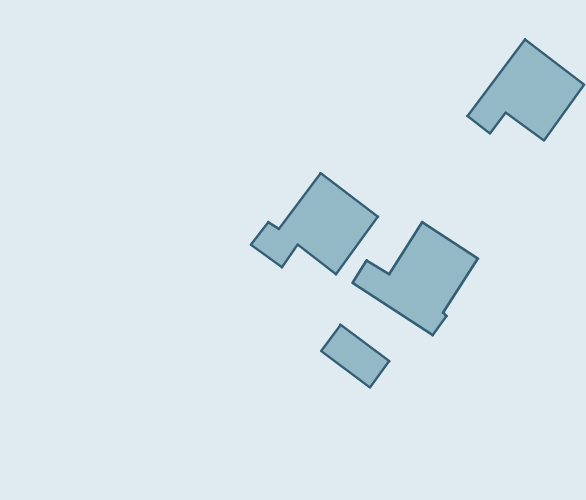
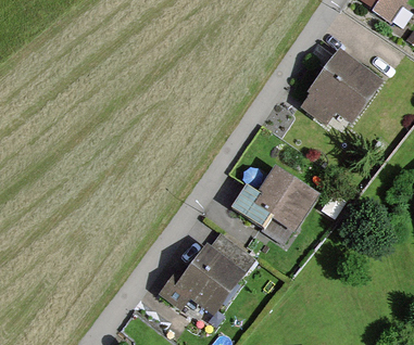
building: [251,173,378,274] -> [160,248,239,311]

